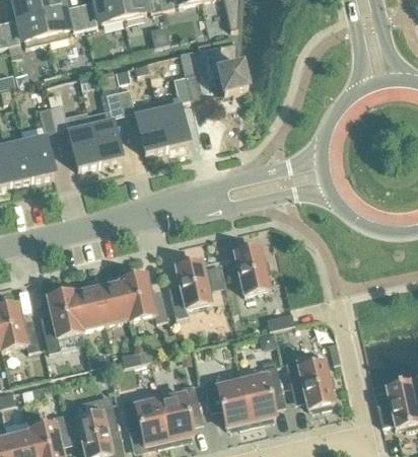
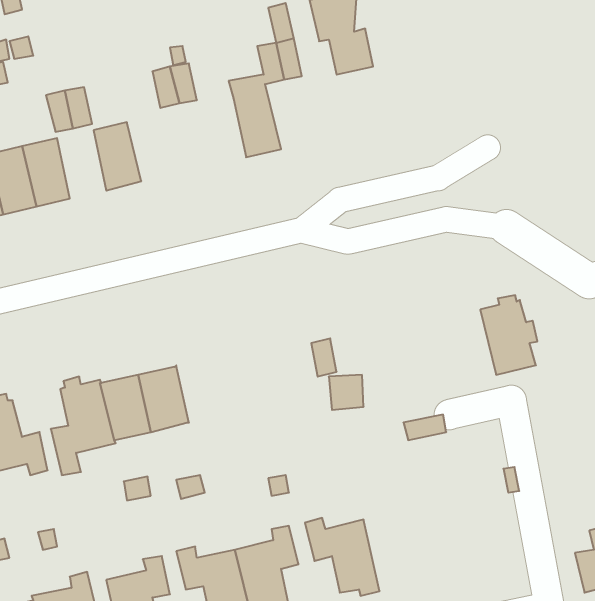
building: [136,108,166,151] -> none
building: [90,119,122,161] -> none
building: [234,241,271,292] -> [480,295,537,375]
building: [169,254,211,314] -> none
building: [120,268,167,319] -> none
building: [286,349,335,406] -> none
building: [241,362,282,423] -> none

